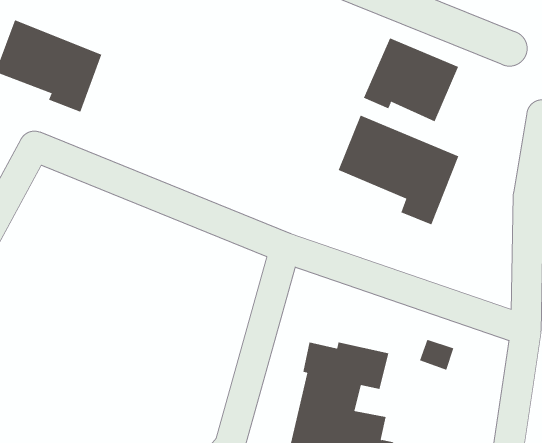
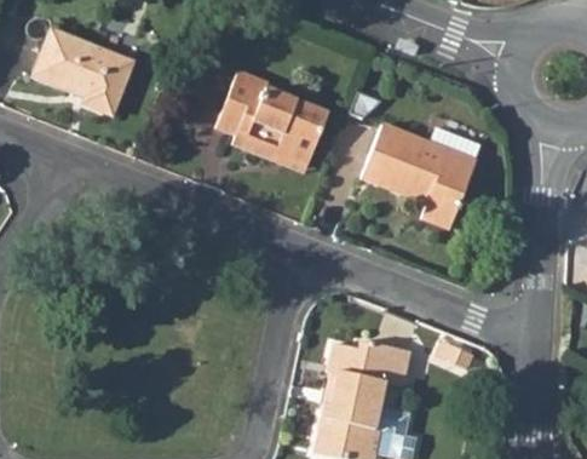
building: [363,38,459,122] -> none
building: none -> [217,68,329,163]

